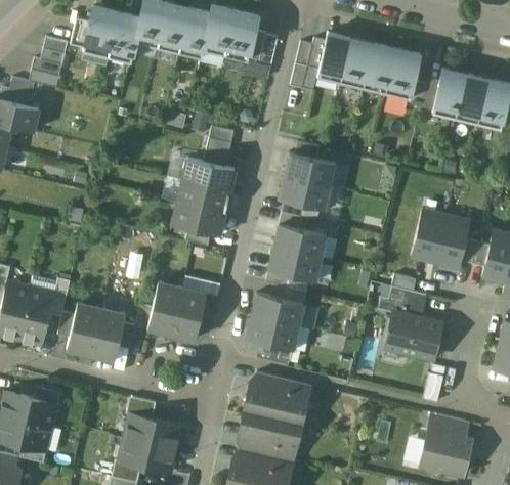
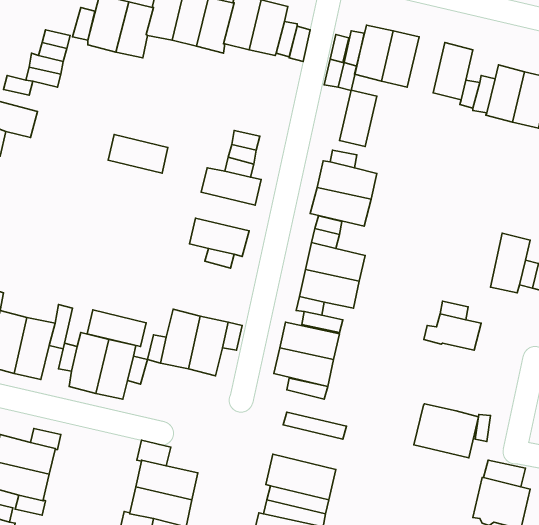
building: [363,44,395,93] -> [339,90,377,146]
building: [177,180,229,214] -> [108,135,168,173]
building: [412,211,445,263] -> none
building: none -> [87,310,146,347]
building: [384,312,440,359] -> [414,404,478,458]
building: [245,383,306,423] -> none

